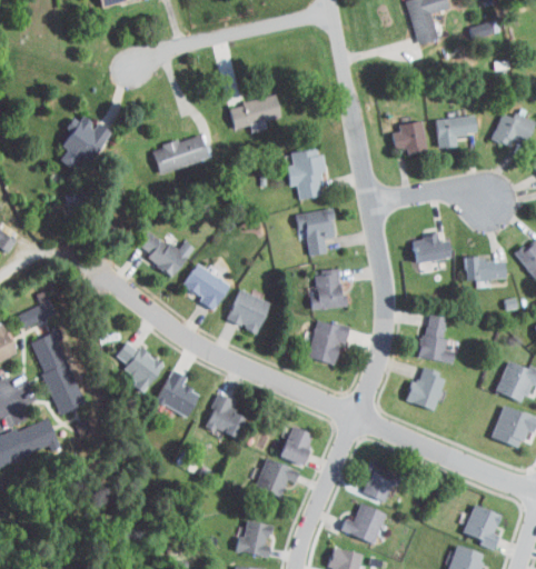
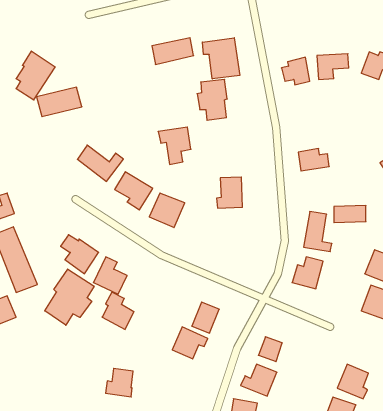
building: none -> [202,38,240,79]
building: [151,136,208,172] -> [37,87,82,117]
building: [295,209,336,256] -> [158,127,191,164]
building: [465,259,505,280] -> [334,206,366,223]
building: [308,320,349,365] -> none
building: none -> [45,269,94,325]
building: [206,393,246,440] -> [102,292,134,329]
building: [236,521,270,557] -> [106,368,133,397]

